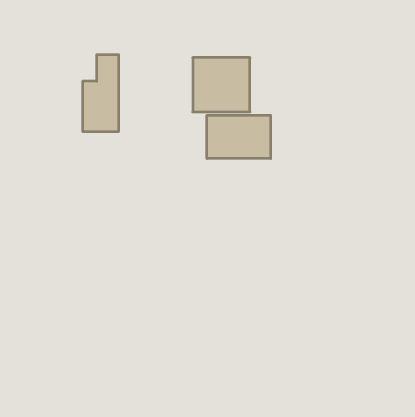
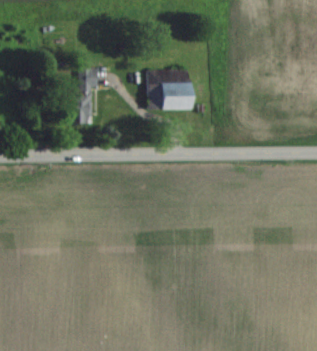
building: [207,115,271,159] -> none

